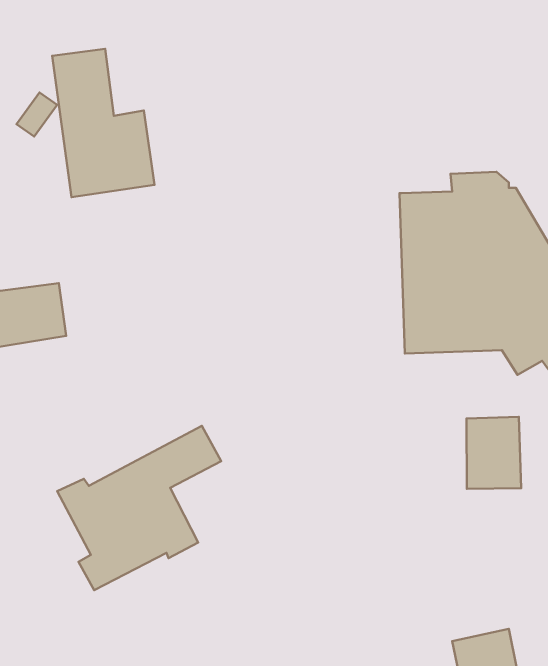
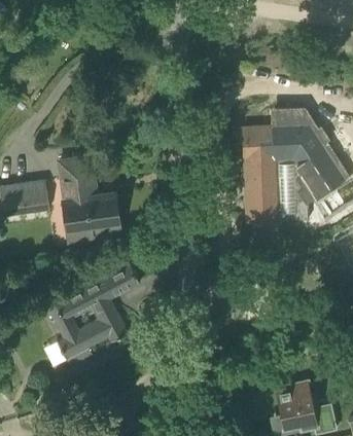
building: [52,49,154,197] -> [60,156,119,243]
building: [466,417,521,489] -> none

